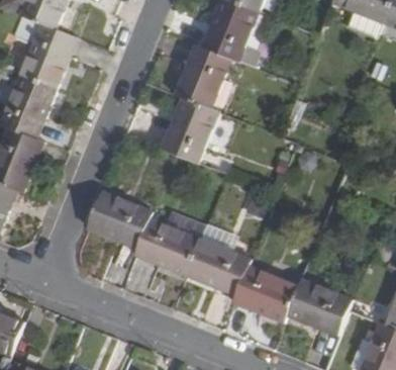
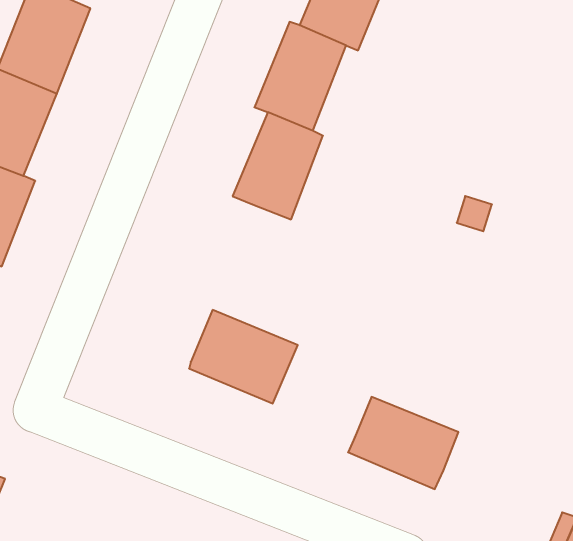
building: [88,192,153,249] -> none
building: [187,239,251,294] -> none
building: [290,279,354,335] -> none

